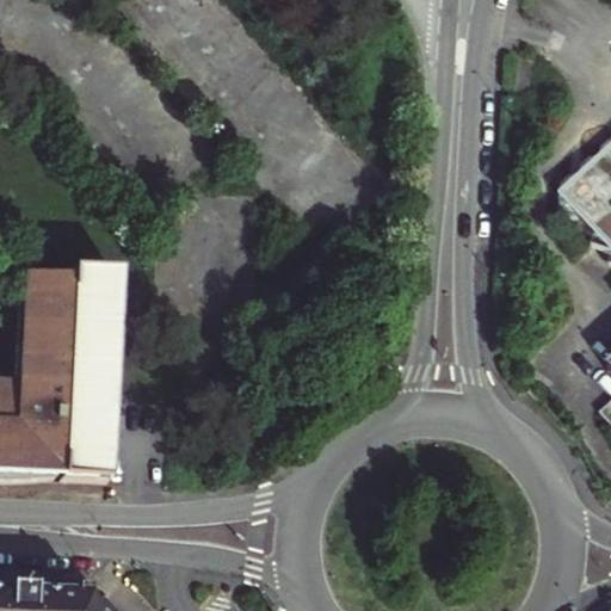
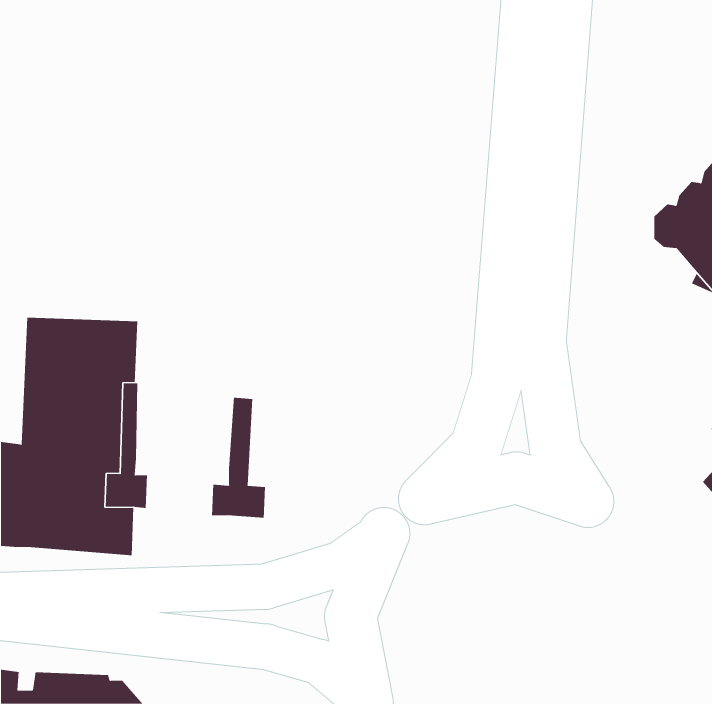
building: none -> [211,397,266,519]

